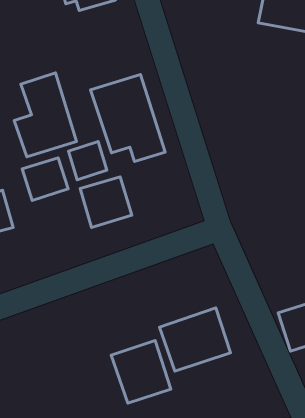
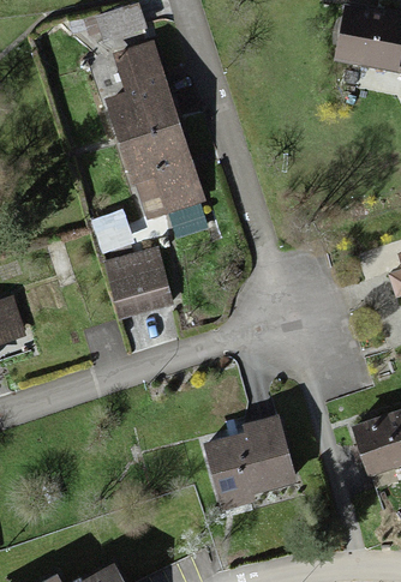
building: [14,73,76,157] -> [103,41,181,146]
building: [22,158,68,201] -> none
building: [111,340,171,403] -> none

